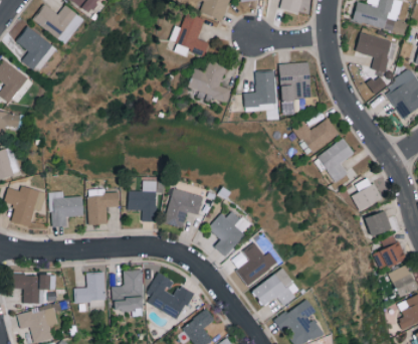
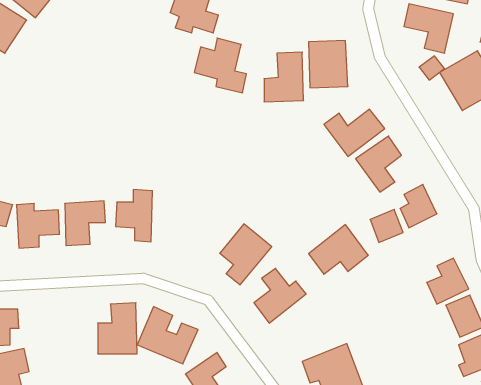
building: [163,188,203,227] -> none
building: [365,210,391,236] -> [370,209,403,243]
building: [252,268,299,307] -> [309,225,368,274]
building: [73,273,104,308] -> none

